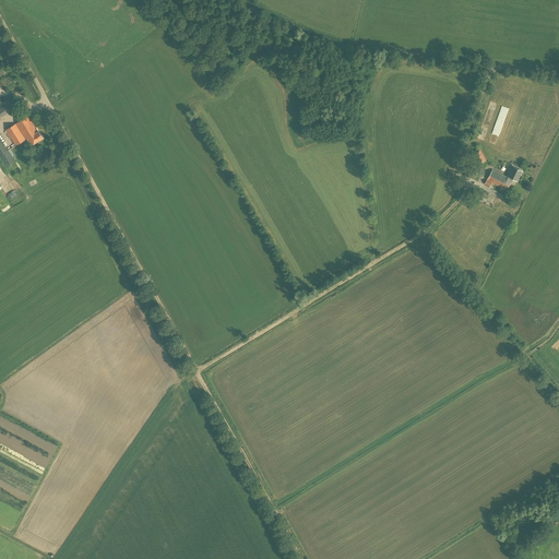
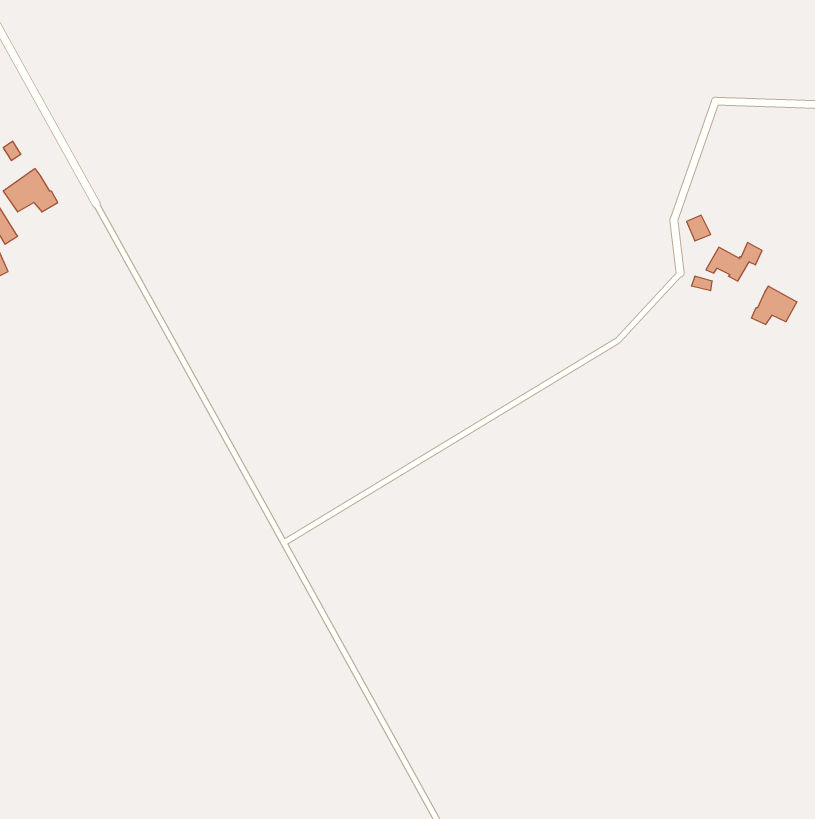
building: none -> [752,286,797,325]

